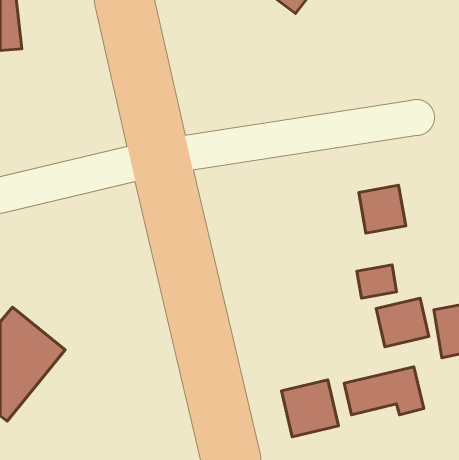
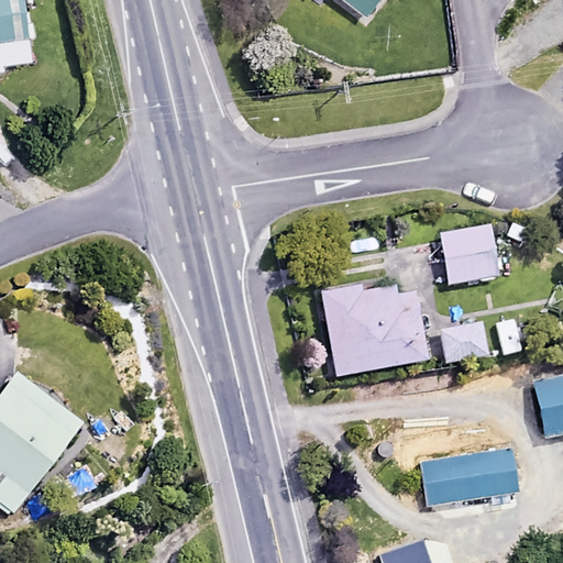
building: none -> [322,282,426,375]
building: [376,298,429,347] -> none
building: [282,380,338,437] -> none

